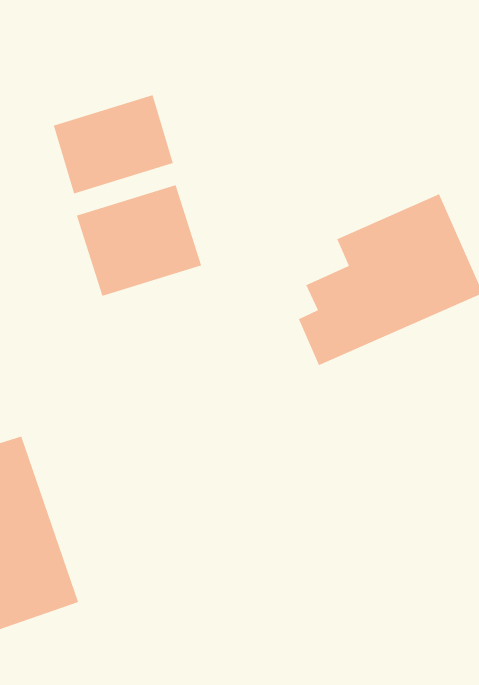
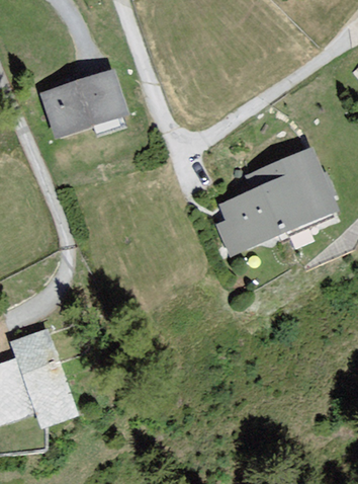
building: [76,184,202,297] -> none

